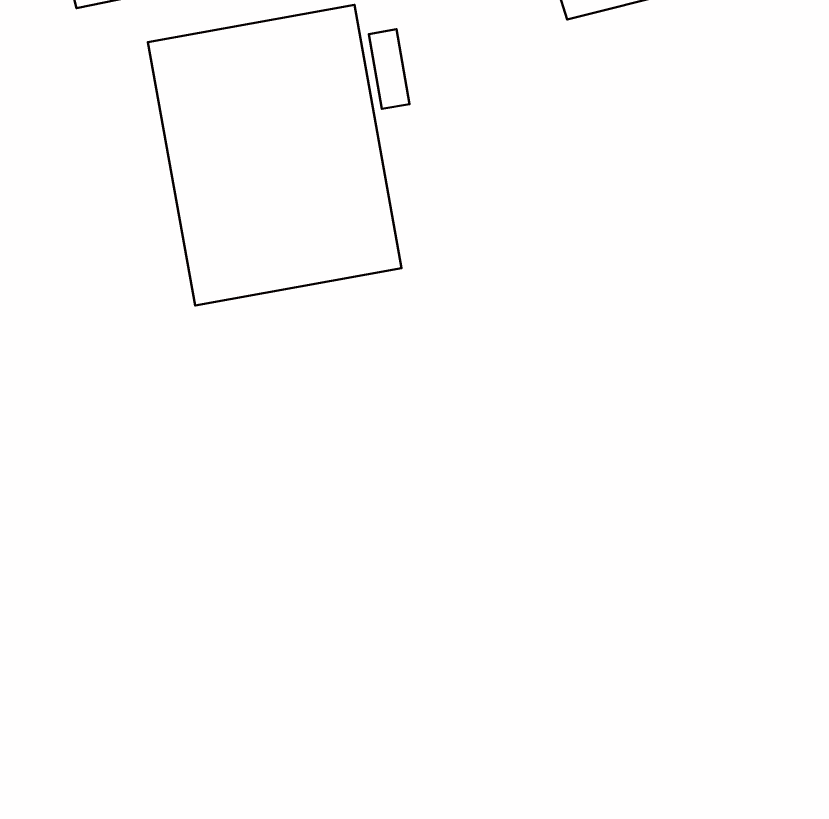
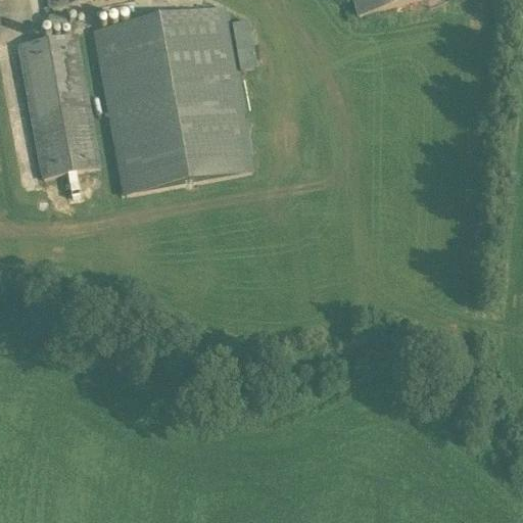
building: none -> [17,31,101,176]

